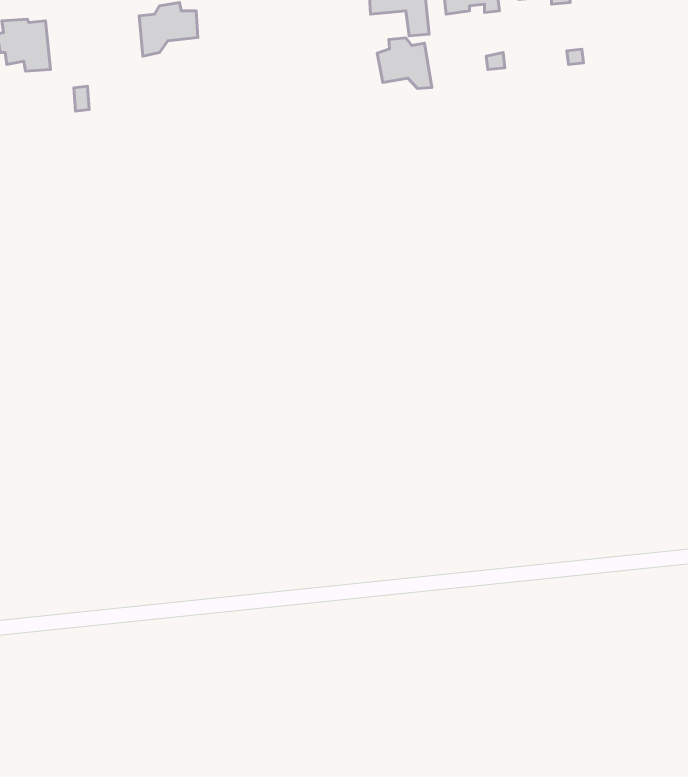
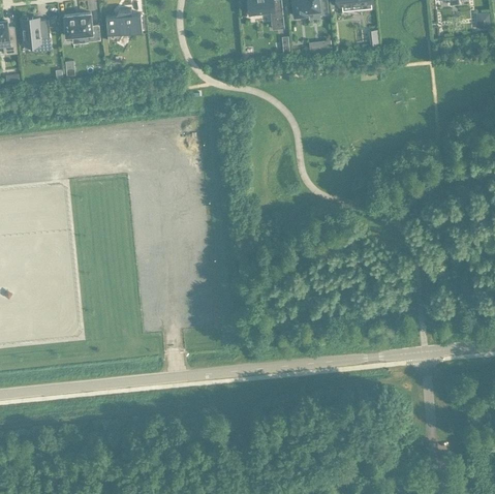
building: none -> [64,12,100,41]
building: [377,38,432,88] -> none

